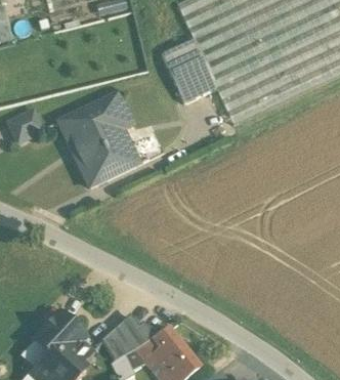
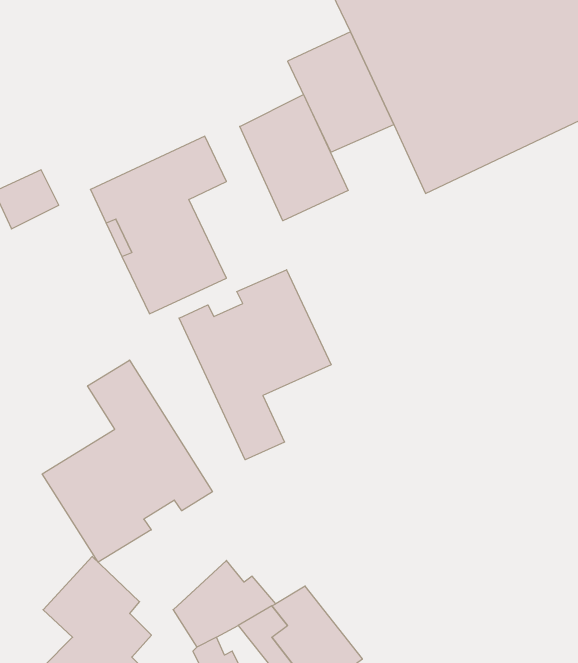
building: none -> [240,95,348,221]
building: none -> [179,270,331,460]
building: none -> [42,360,212,562]

